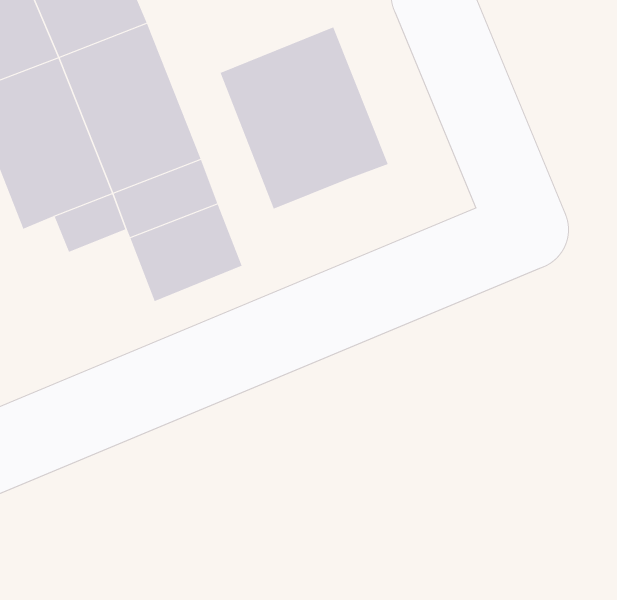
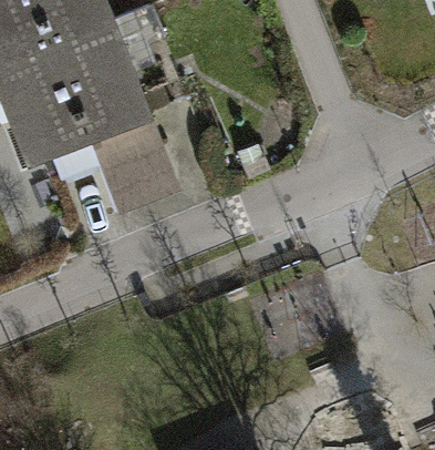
building: [220,26,388,209] -> none

